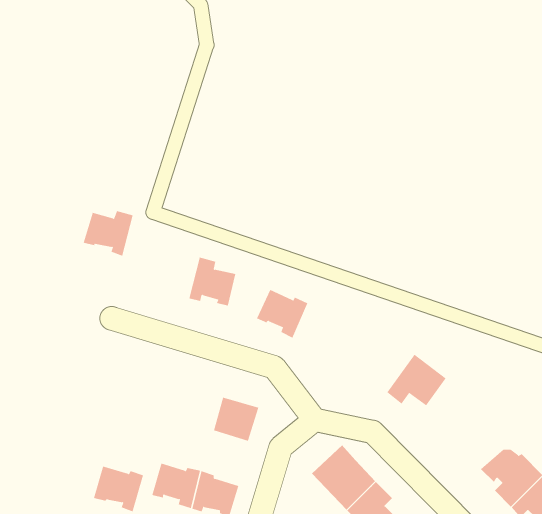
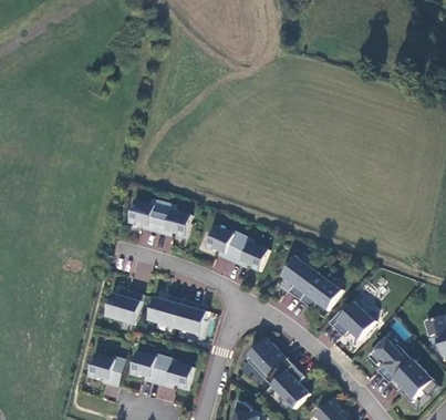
building: [83,210,134,257] -> [127,198,164,232]
building: none -> [231,235,268,270]
building: none -> [281,255,319,299]
building: none -> [105,291,141,324]
building: none -> [147,296,180,327]
building: none -> [331,301,375,339]

